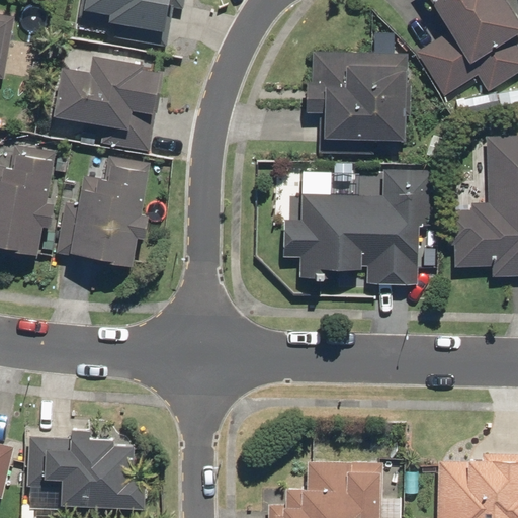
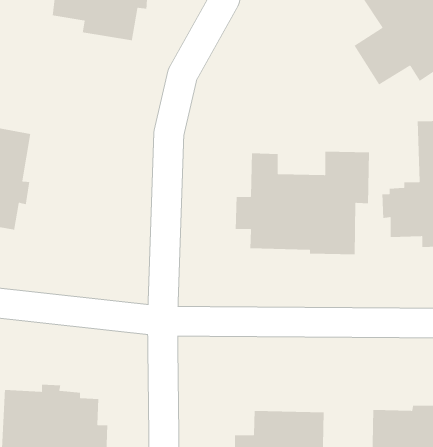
building: [304,52,409,154] -> none
building: [51,56,163,152] -> none
building: [55,154,147,269] -> none

